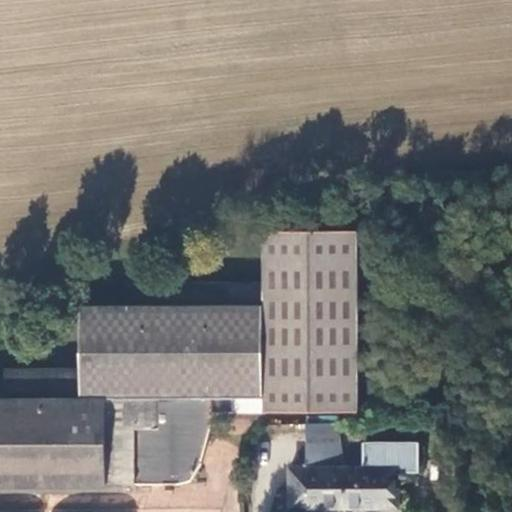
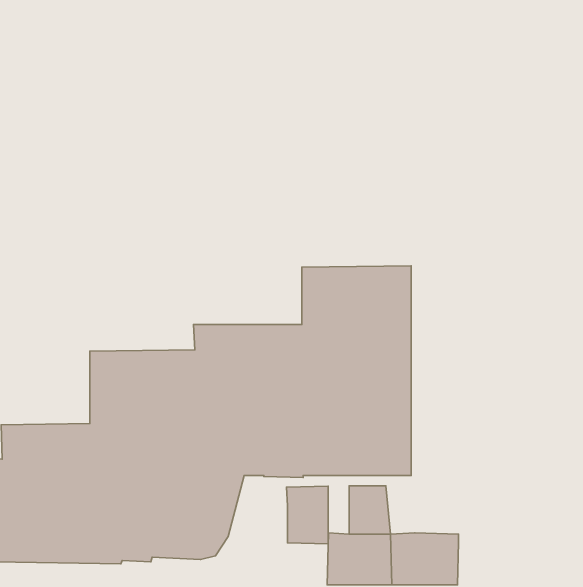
building: none -> [287,486,328,544]
building: [360,440,417,473] -> none

